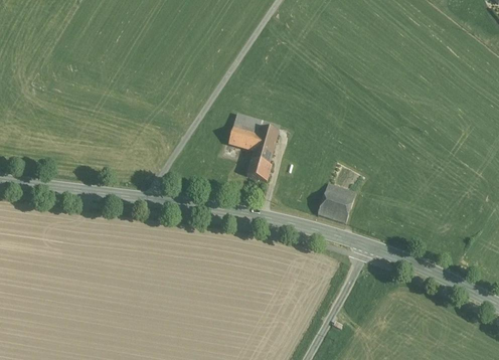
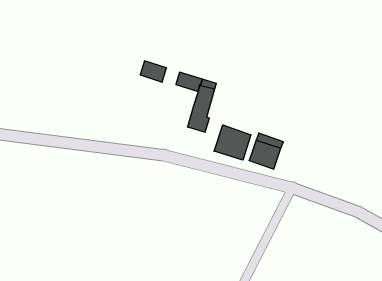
building: [229,127,260,151] -> [140,61,167,82]
building: none -> [214,125,251,160]

